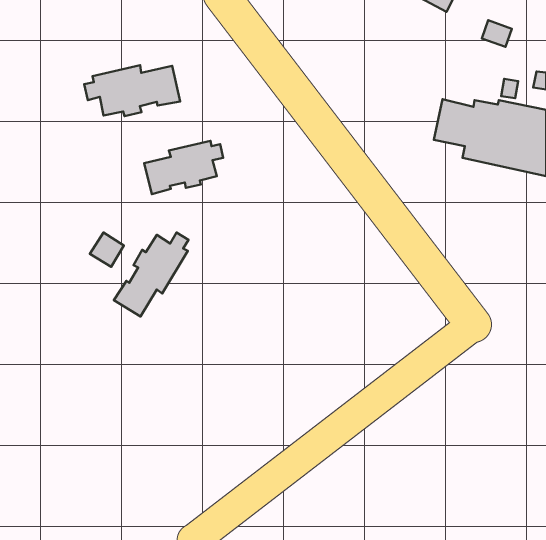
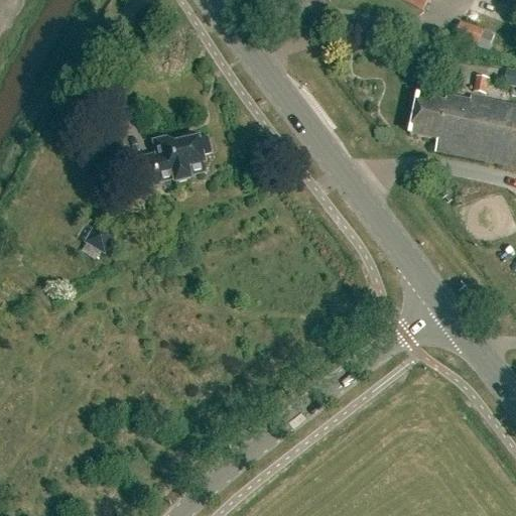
building: [84,65,180,116] -> none
building: [114,233,188,317] -> none

